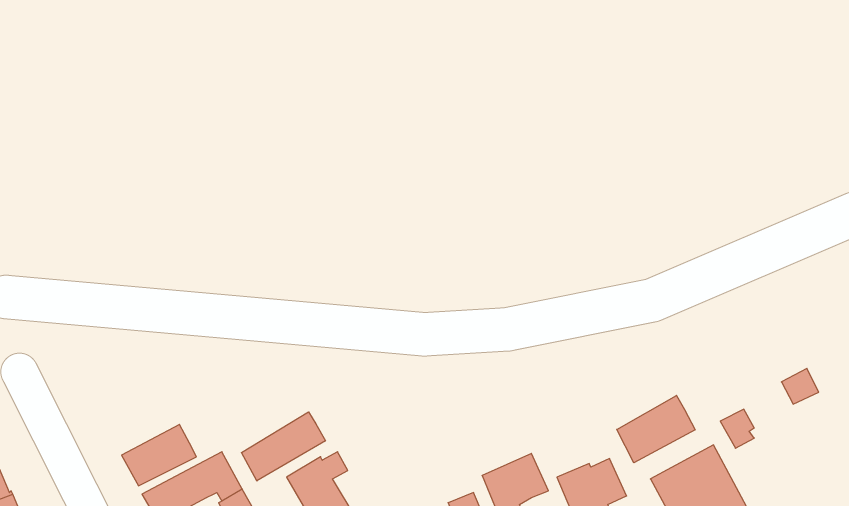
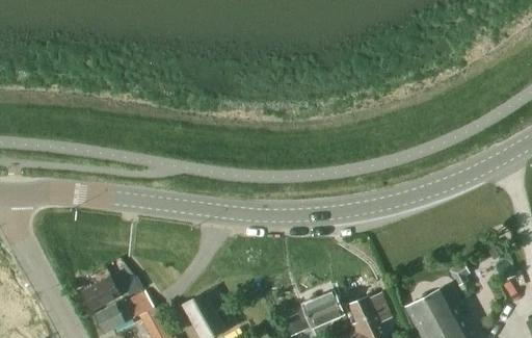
building: [617,395,695,463] -> none
building: [241,412,325,481] -> none

